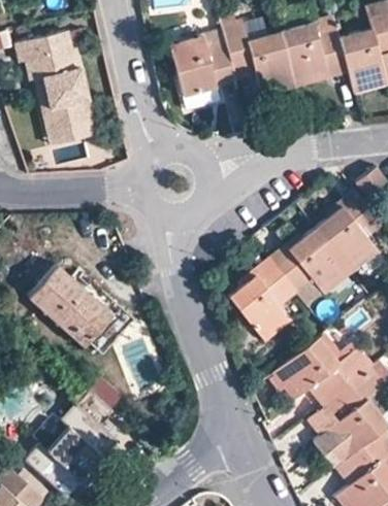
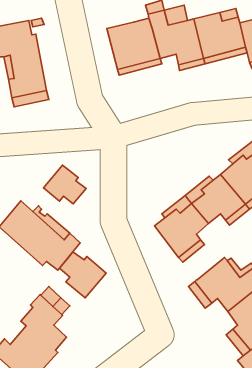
building: none -> [43,165,86,204]
building: none -> [60,252,106,298]

